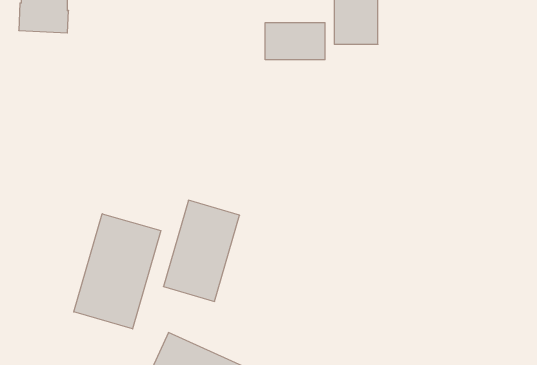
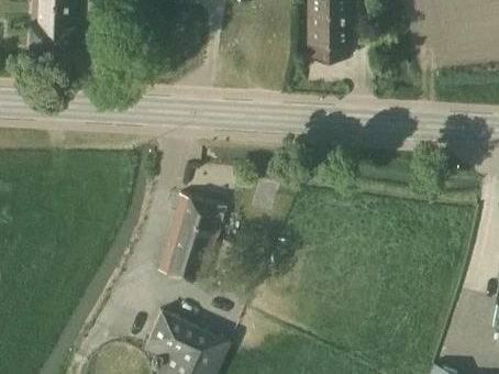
building: [265,23,325,60] -> none
building: [74,214,161,329] -> none

